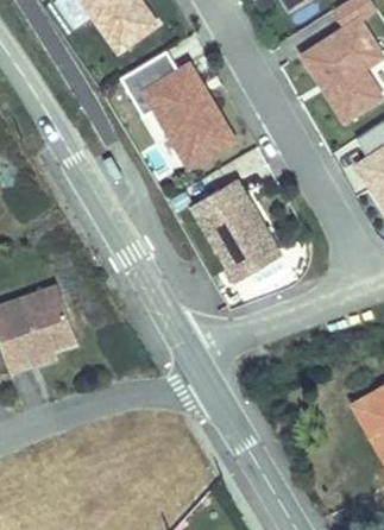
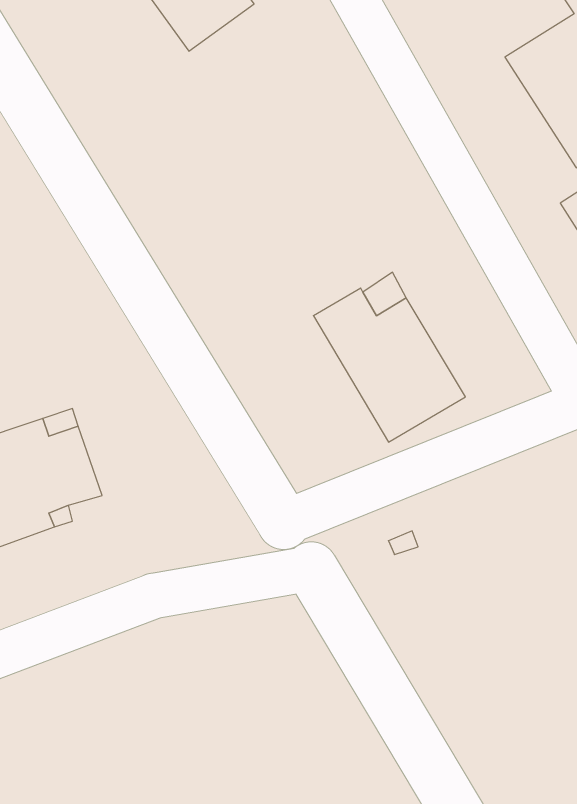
building: [122,59,235,175] -> none

